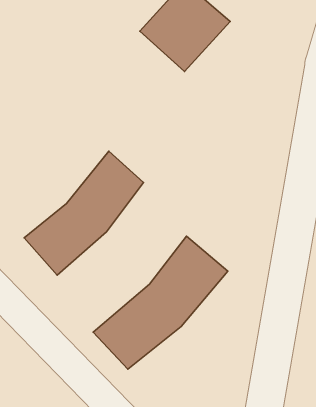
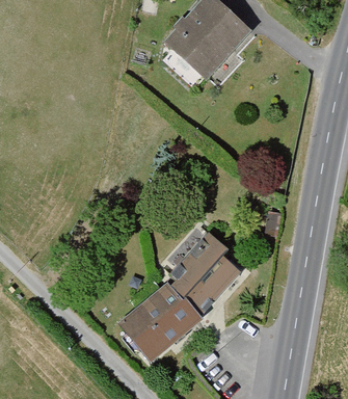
building: [24,151,144,275] -> none

